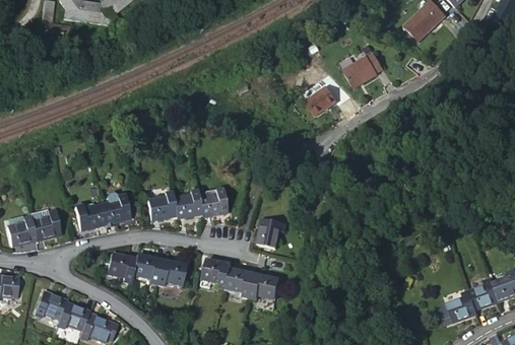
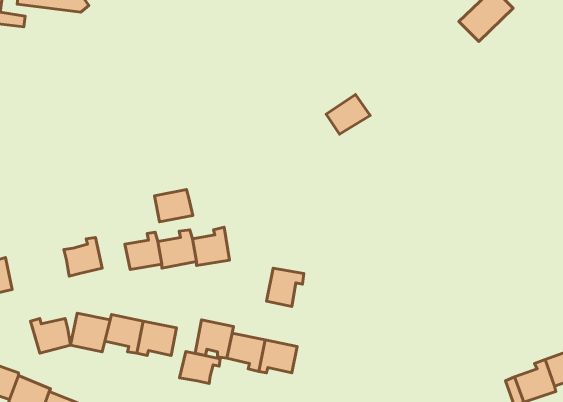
building: [340,53,383,90] -> none
building: none -> [154,189,193,222]
building: [74,204,105,230] -> [31,319,70,353]
building: none -> [179,352,220,384]

